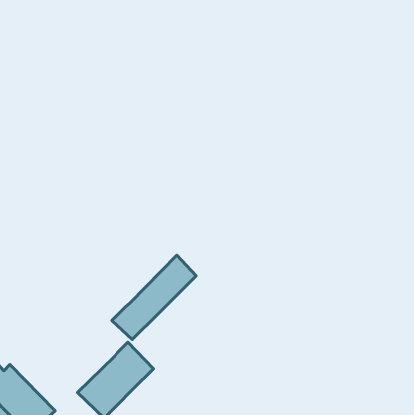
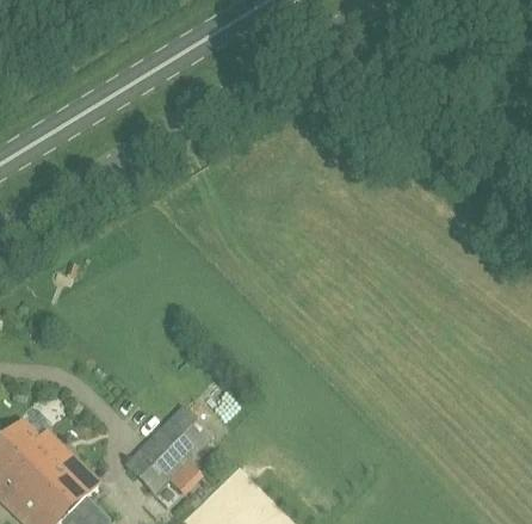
building: [112,255,196,340] -> none

